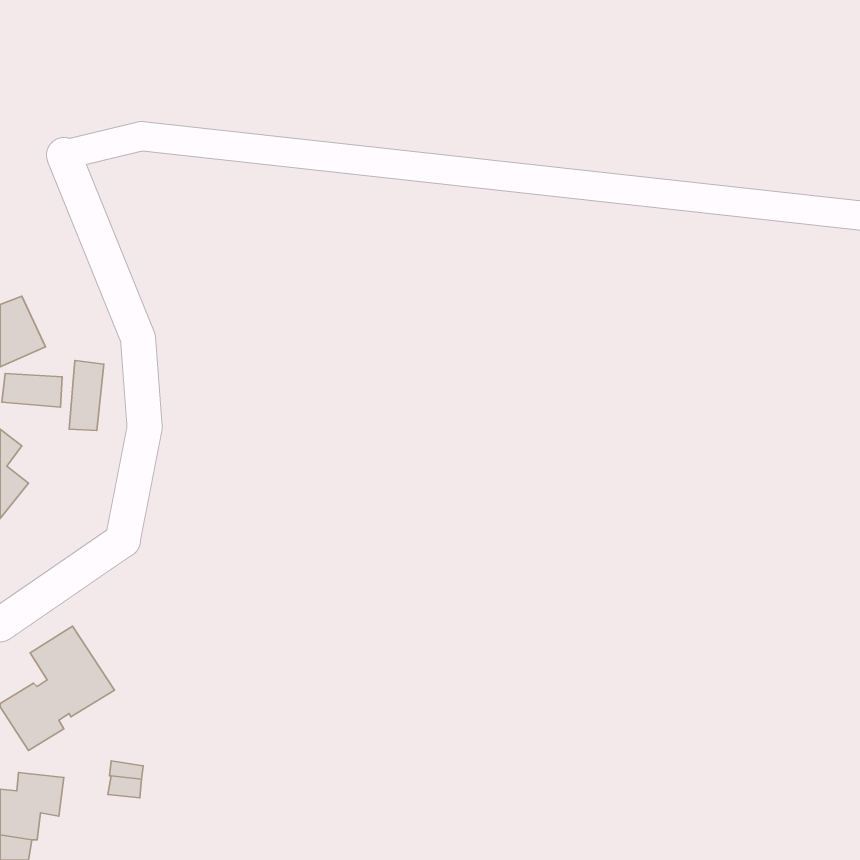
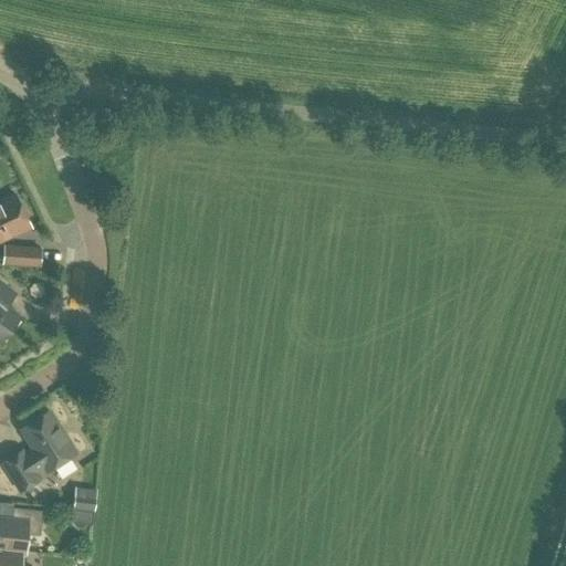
building: [69,360,104,431] -> none

